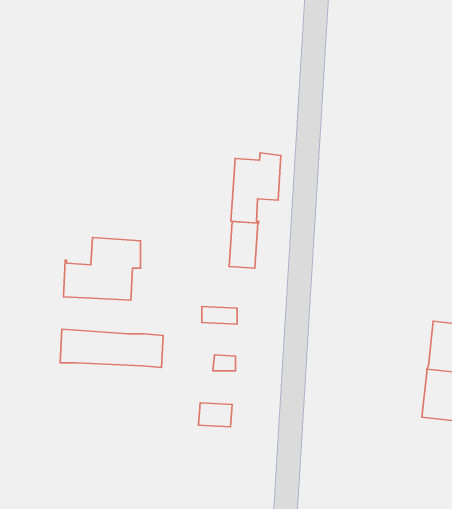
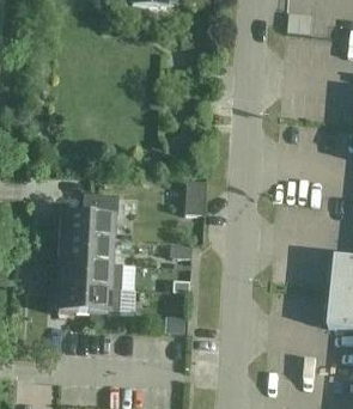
building: [231,153,281,223] -> none
building: none -> [55,237,106,264]
building: none -> [53,286,115,315]

